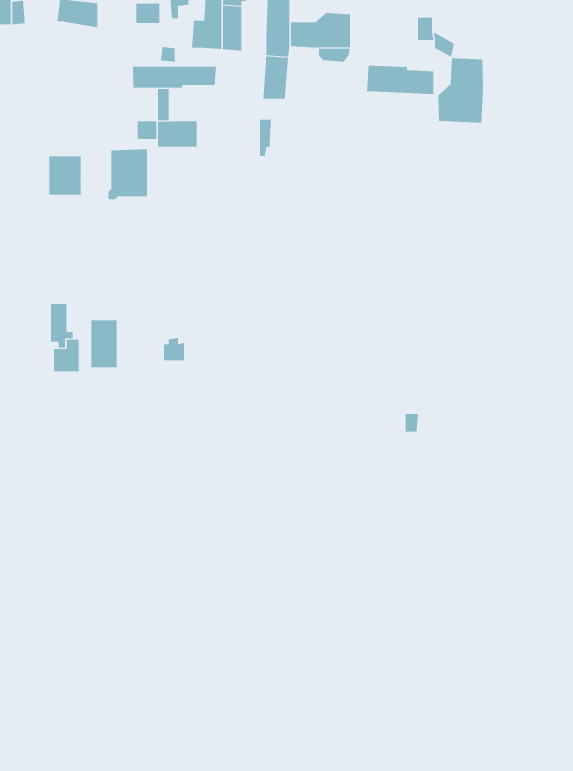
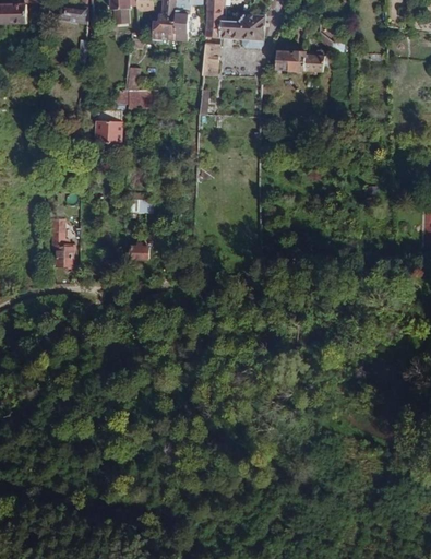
building: [438,57,483,124] -> none
building: [133,66,216,88] -> none
building: [49,156,81,195] -> none
building: [91,319,117,368] -> none

